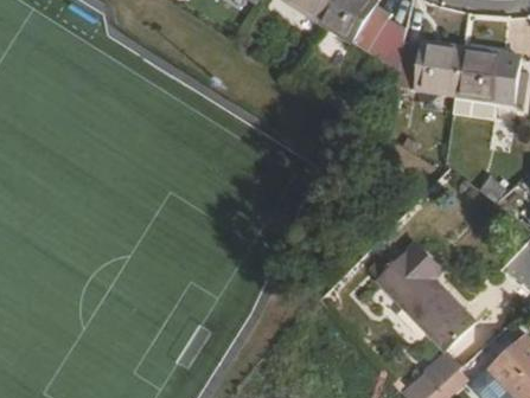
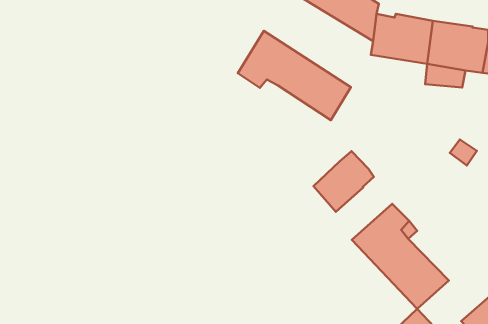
building: none -> [238,31,351,120]
building: none -> [314,151,374,212]

